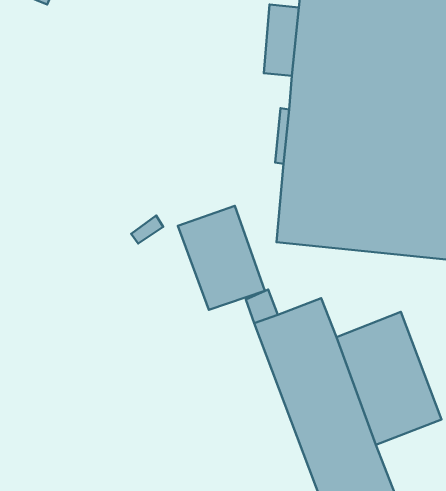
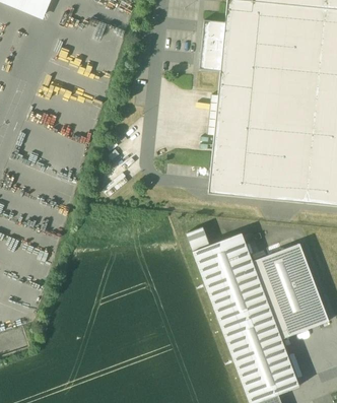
building: [178,206,265,310] -> none

